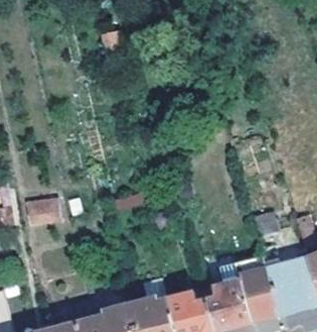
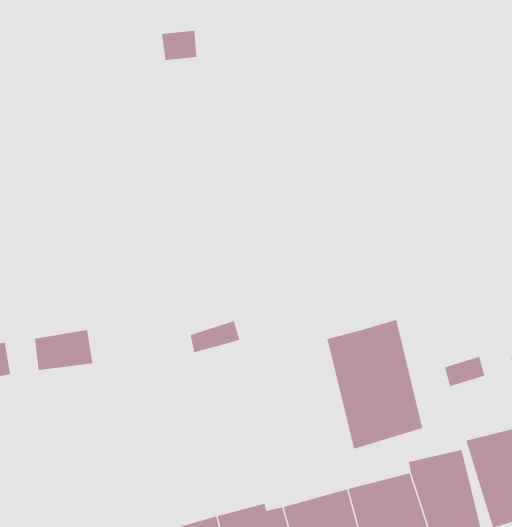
building: none -> [327,319,423,450]

